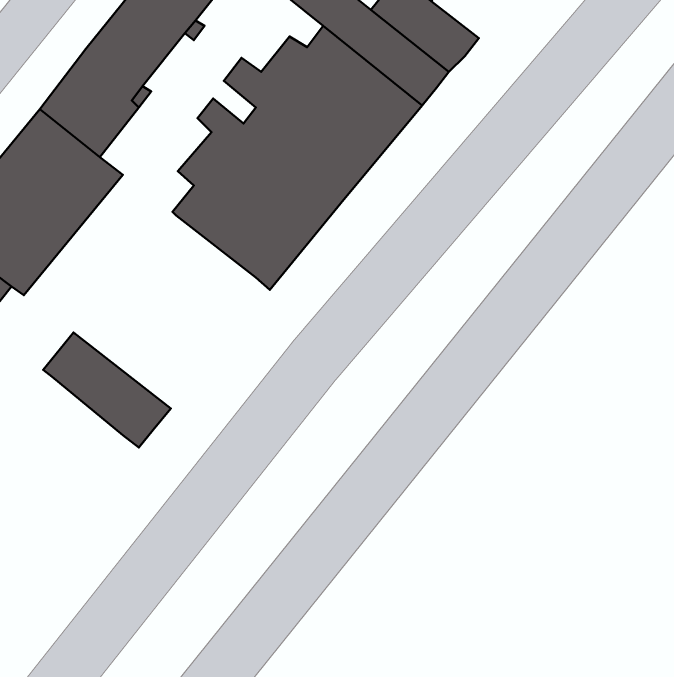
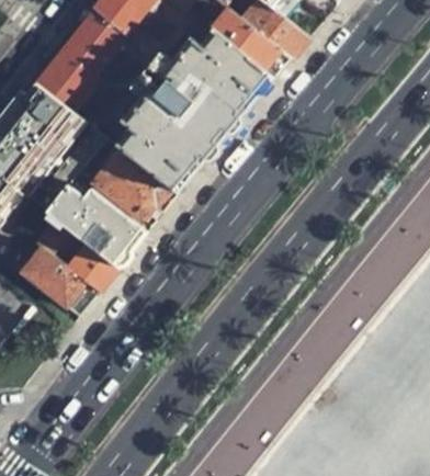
building: none -> [92,146,169,218]
building: none -> [47,185,145,265]
building: none -> [21,246,87,307]

